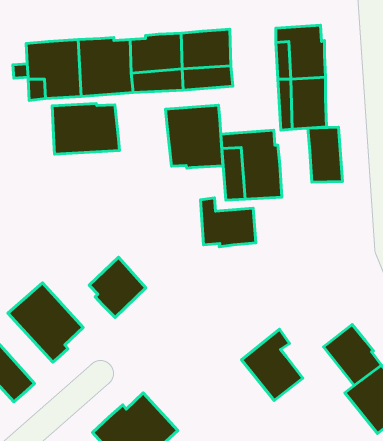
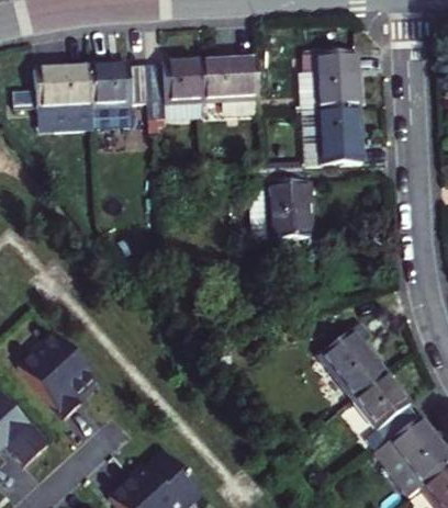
building: [52,103,119,154] -> none
building: [166,105,223,168] -> none
building: [308,127,343,182] -> none
building: [200,198,256,247] -> none
building: [89,257,146,318] -> none
building: [242,329,303,401] -> [323,323,389,399]

